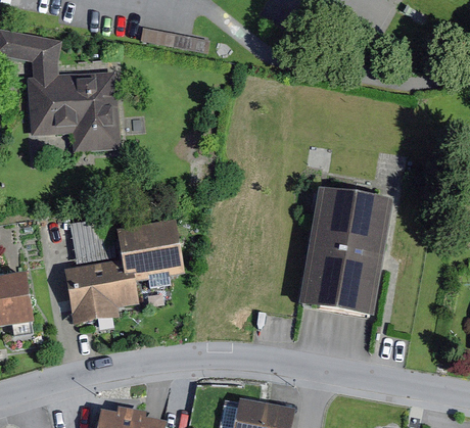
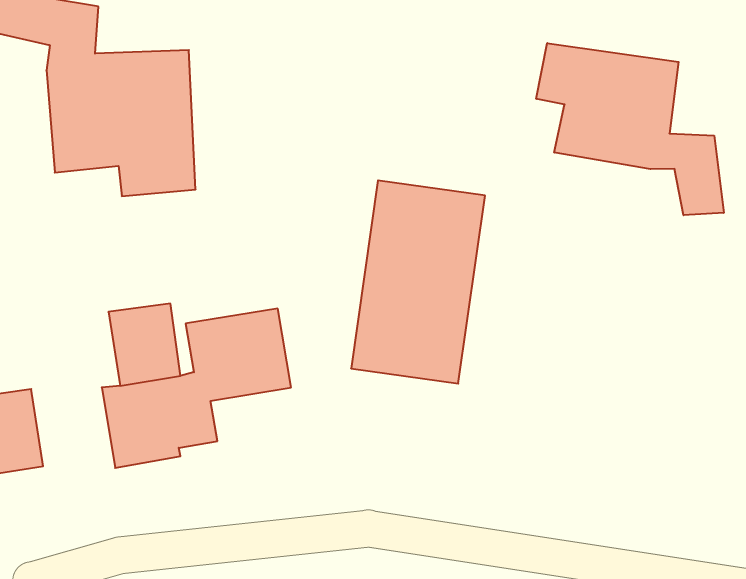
building: none -> [536,43,724,215]
building: [308,193,389,317] -> [351,180,485,384]

